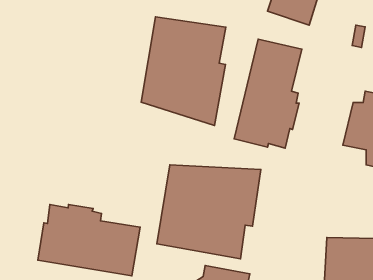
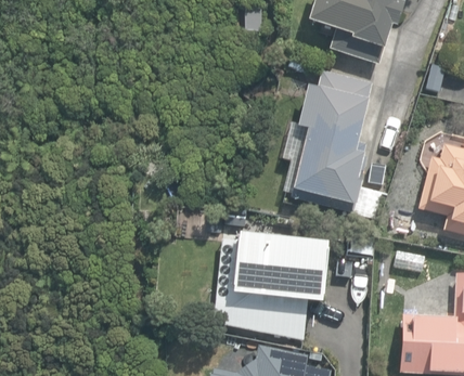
building: [141,17,226,126] -> none
building: [38,204,140,276] -> none

